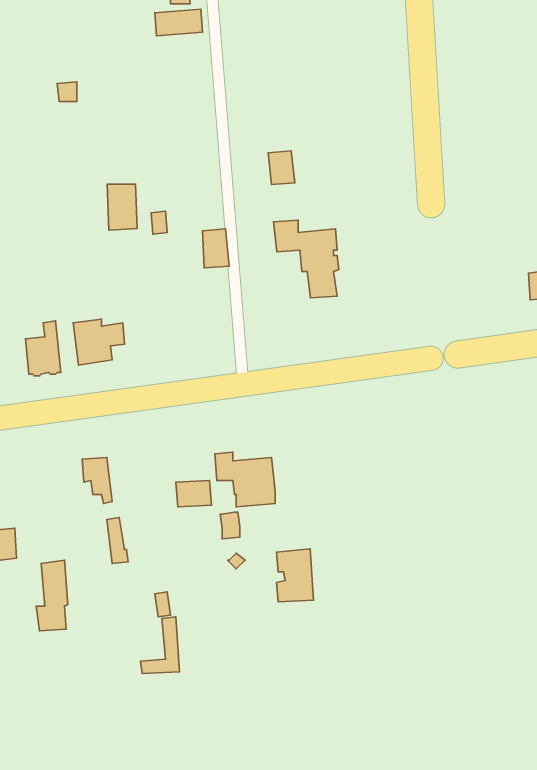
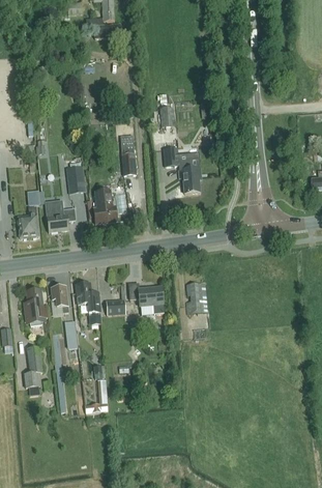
building: [107,184,137,230] -> [69,164,87,191]
building: none -> [93,189,117,223]
building: none -> [76,282,100,325]
building: none -> [23,288,49,325]
building: [276,549,314,602] -> [185,281,207,312]

